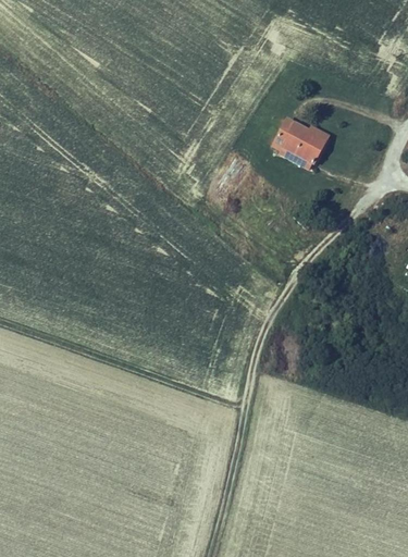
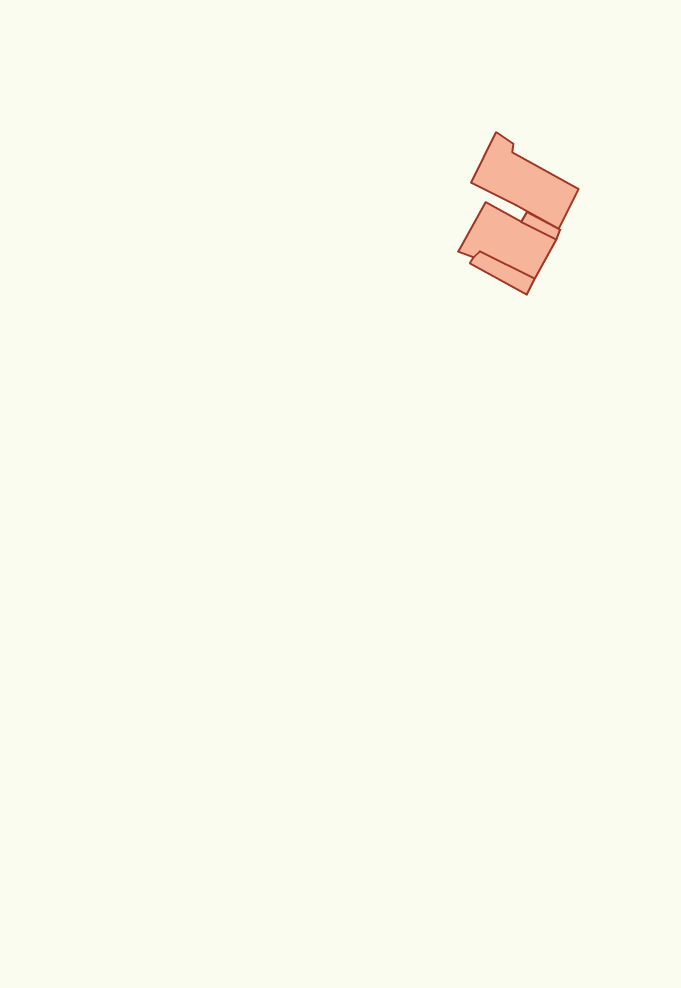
building: none -> [471,132,578,229]

